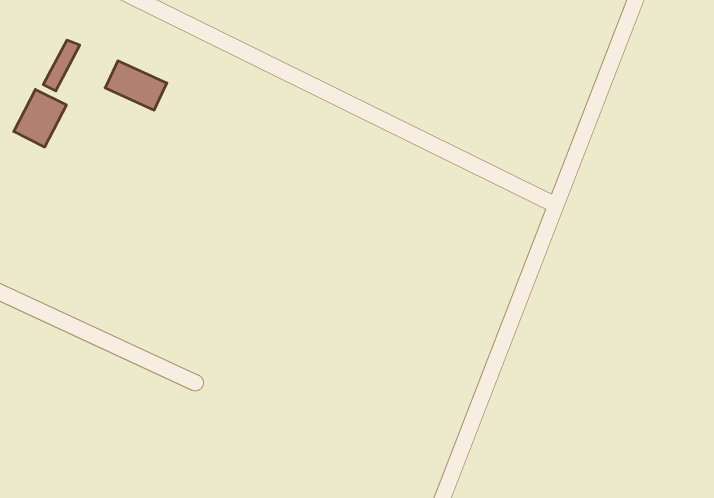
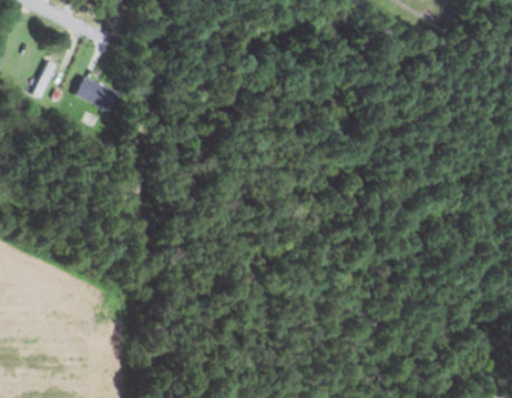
building: [14,89,66,147] -> none

